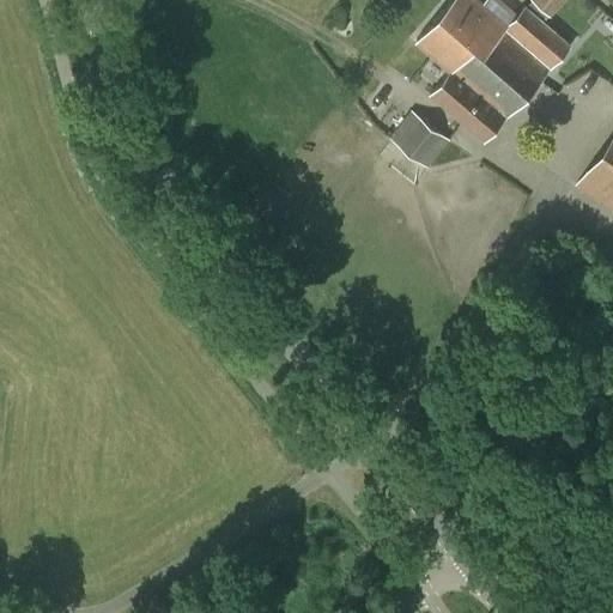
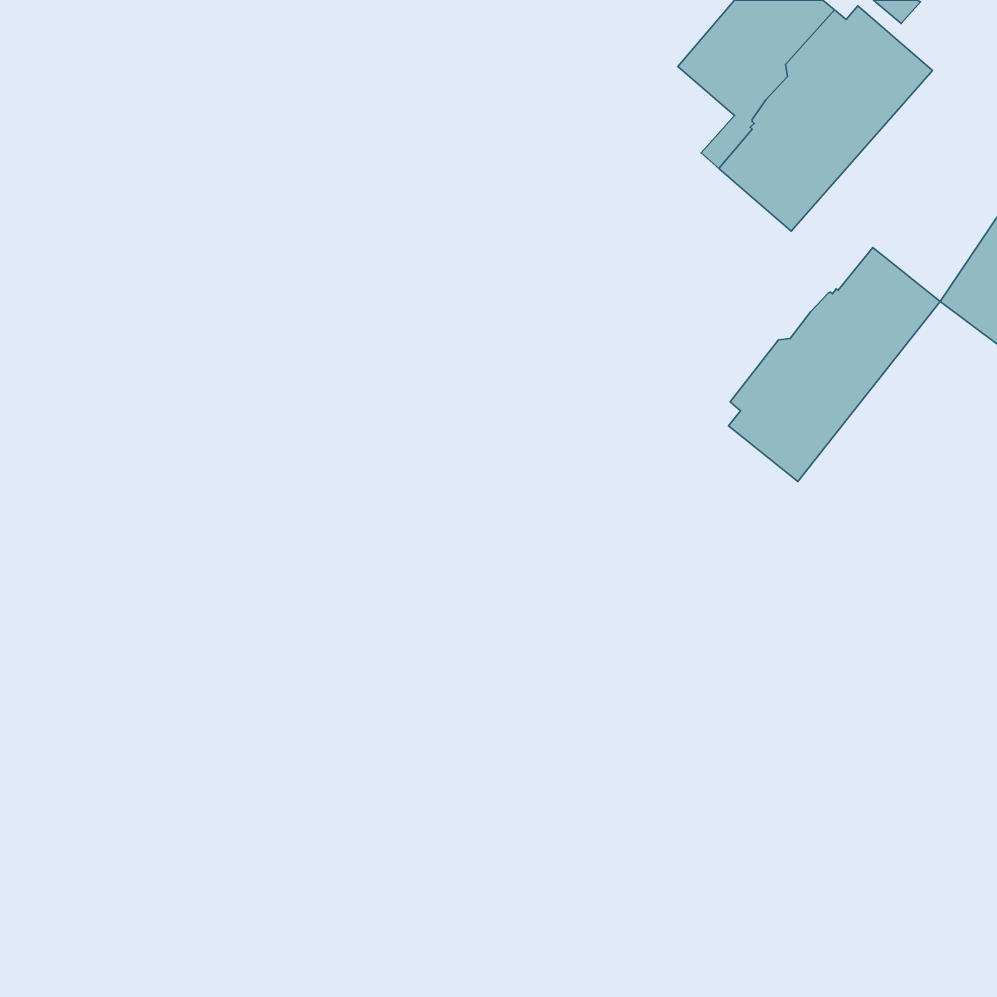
building: [392,110,453,170] -> none
building: none -> [728,247,940,482]

